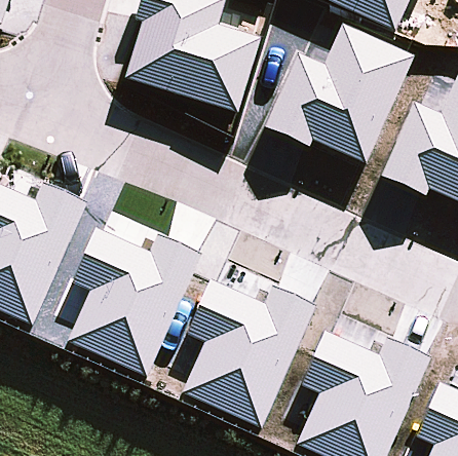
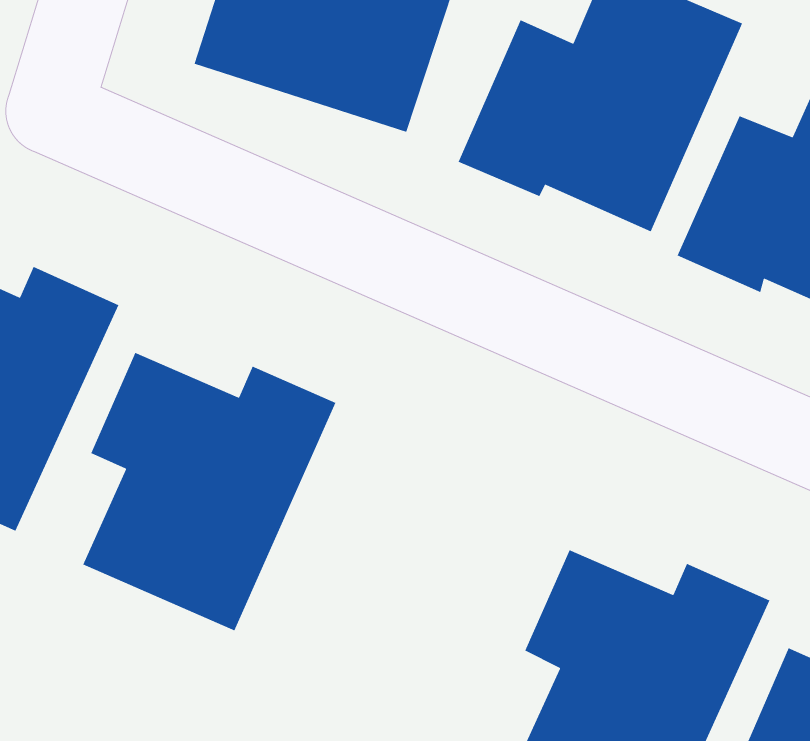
building: [183,278,316,425] -> none

